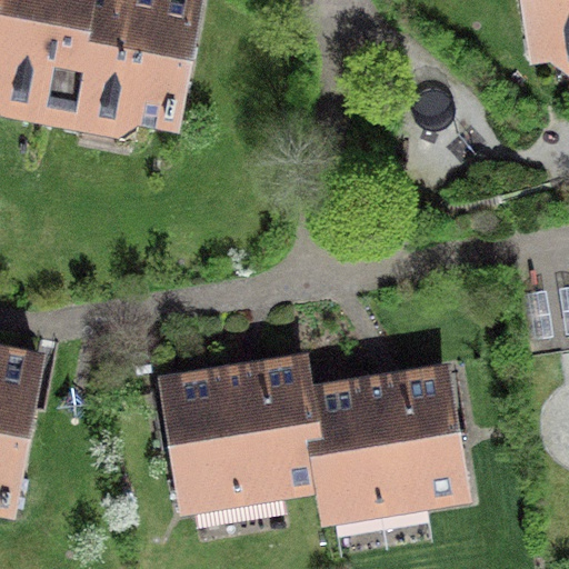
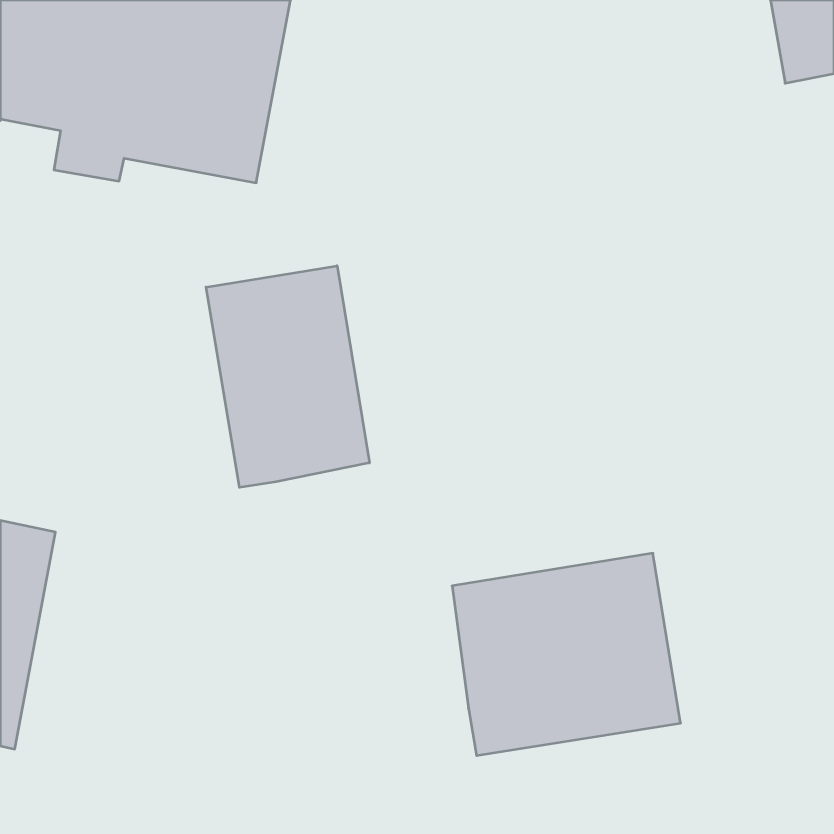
building: none -> [206,266,369,487]
building: [164,366,319,505] -> none

